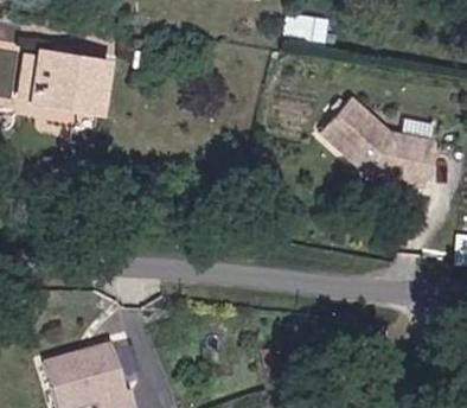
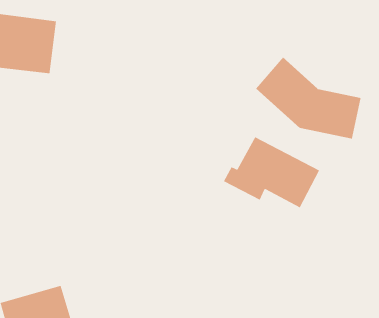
building: none -> [223,136,320,208]

